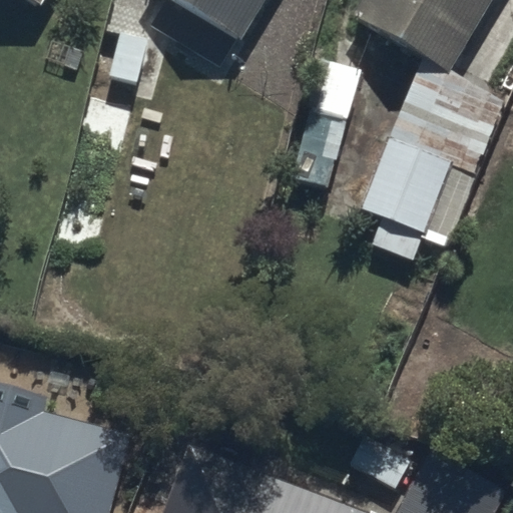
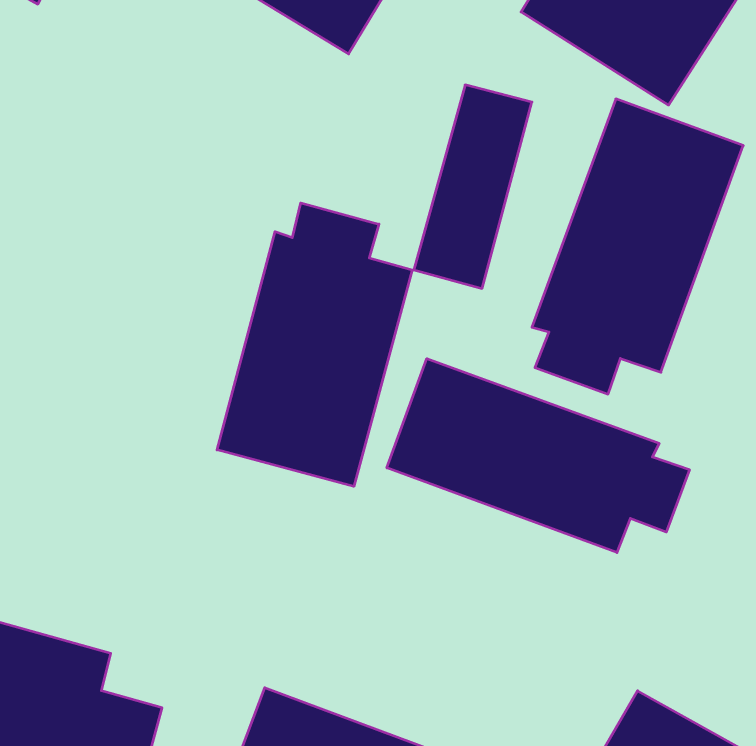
building: none -> [217,203,412,486]
building: none -> [387,359,689,553]

